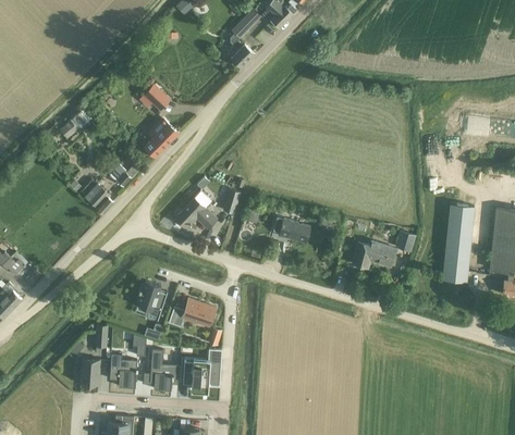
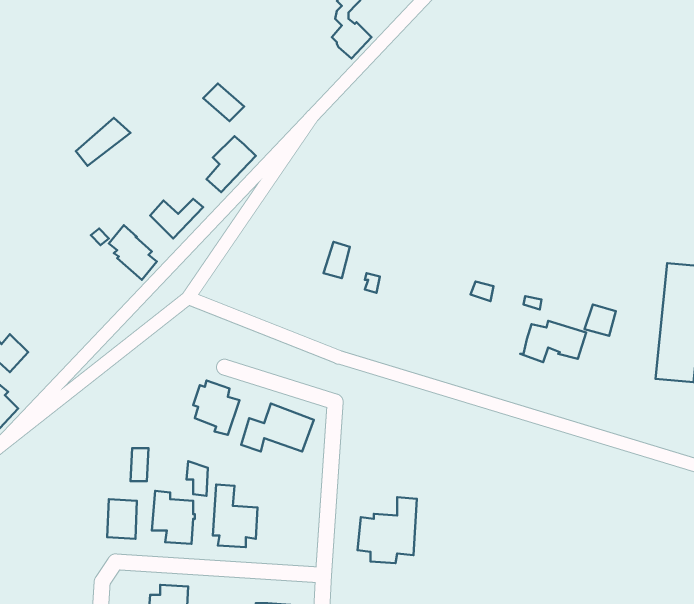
building: [175,190,216,227] -> none
building: [272,216,309,243] -> none
building: [182,349,221,393] -> [357,497,417,563]

